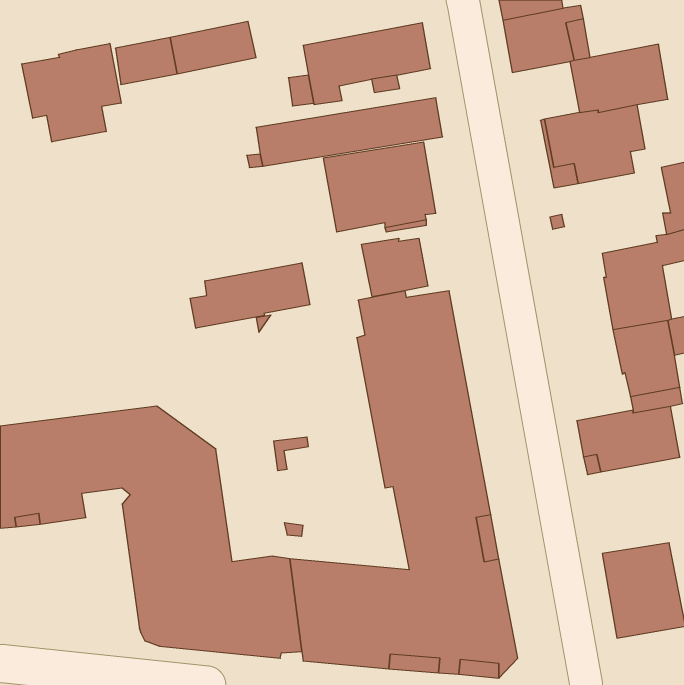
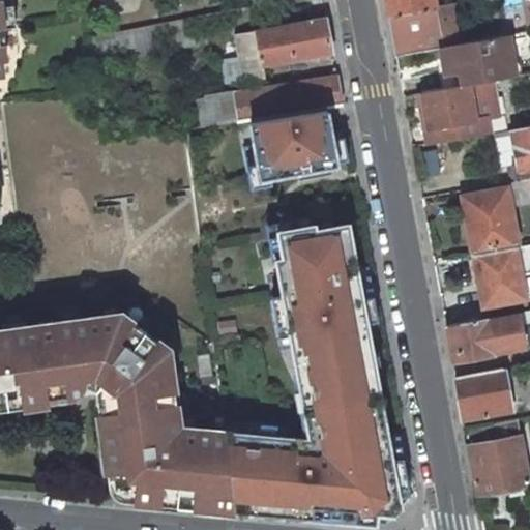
building: [22,43,121,142] -> none
building: [362,238,428,297] -> none
building: [190,263,310,328] -> none
building: none -> [457,369,511,419]

